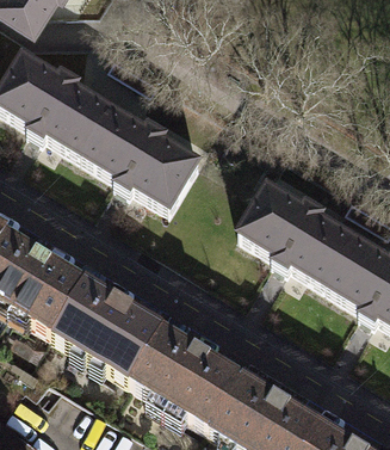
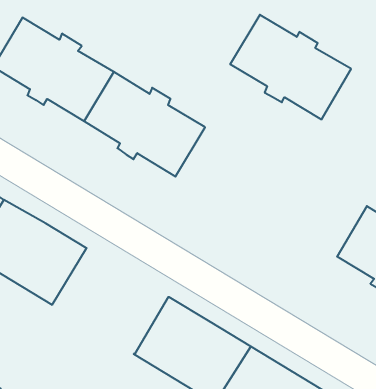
building: [241,184,358,285] -> [230,15,351,119]
building: [54,277,166,380] -> none

